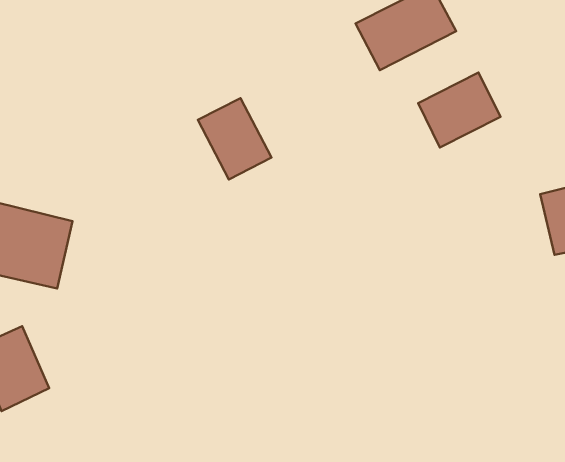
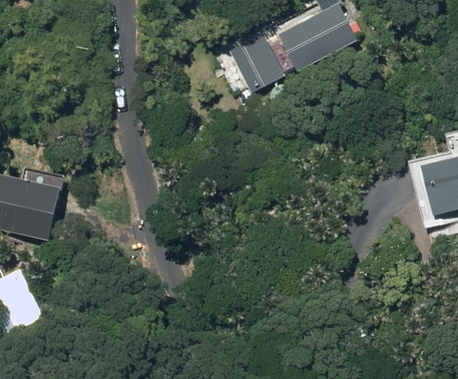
building: [418,72,500,148] -> none
building: [198,98,271,179] -> [226,28,284,91]

